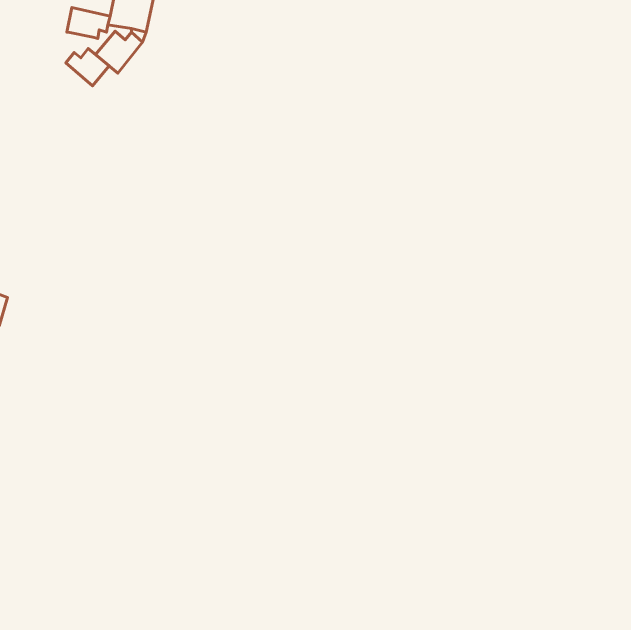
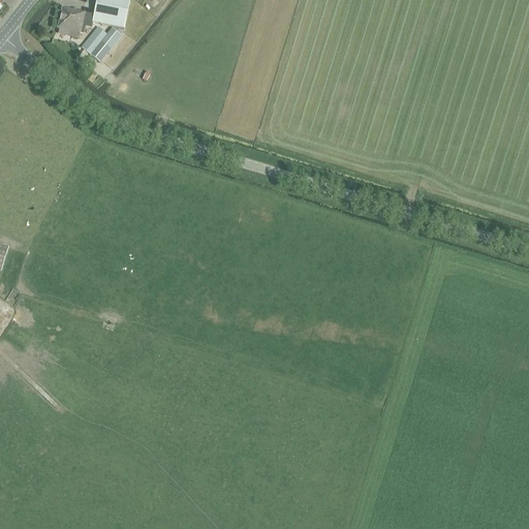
building: [66,49,109,86] -> none

